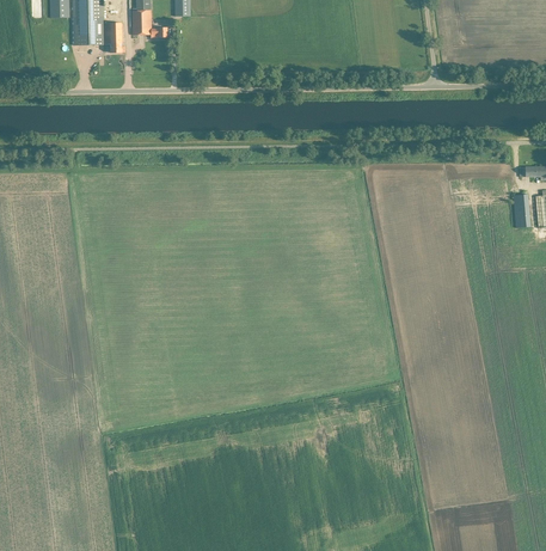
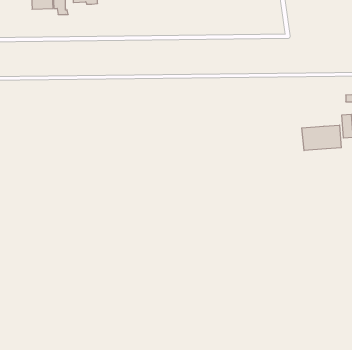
building: none -> [302,125,341,151]

